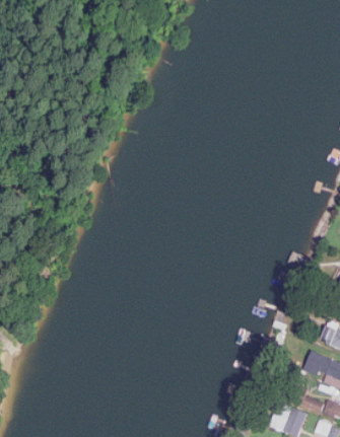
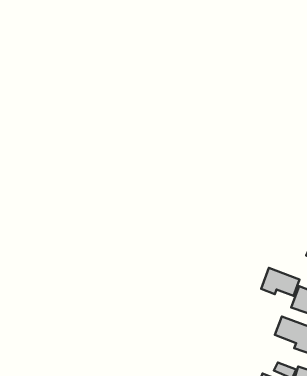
building: none -> [261,268,299,296]

